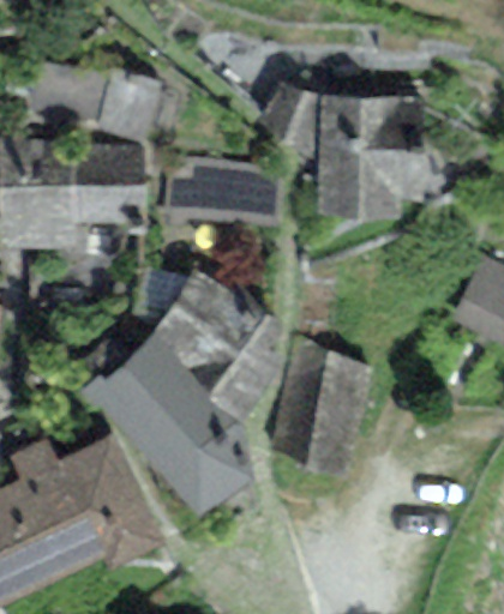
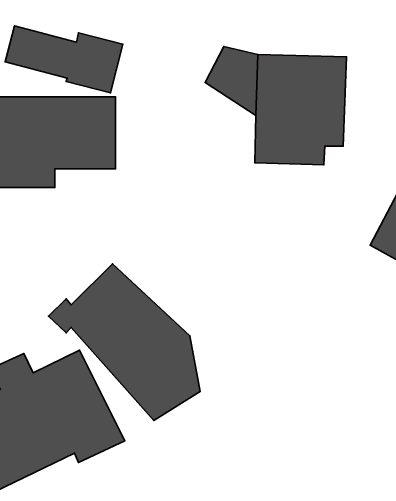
building: [162,156,277,223] -> none
building: [150,270,281,419] -> none
building: [268,344,367,470] -> none

